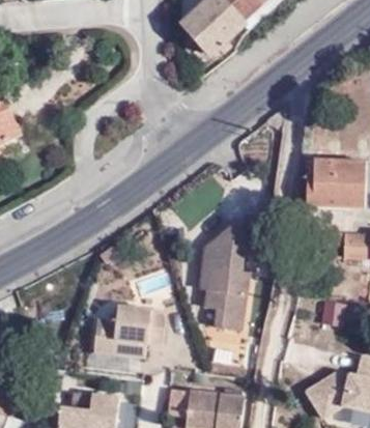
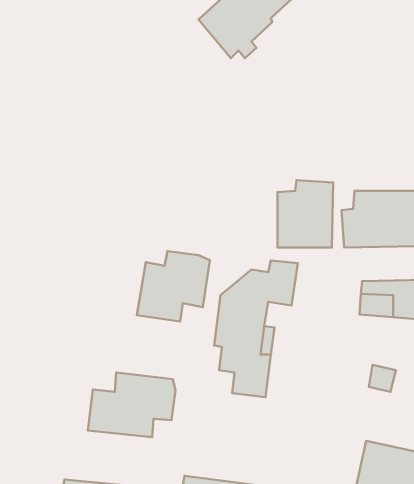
building: none -> [278,180,333,248]
building: none -> [137,251,210,321]

